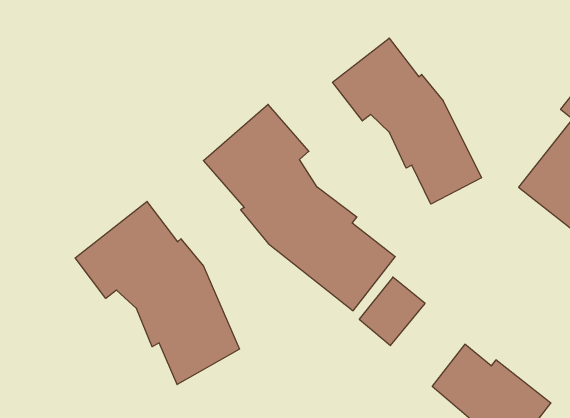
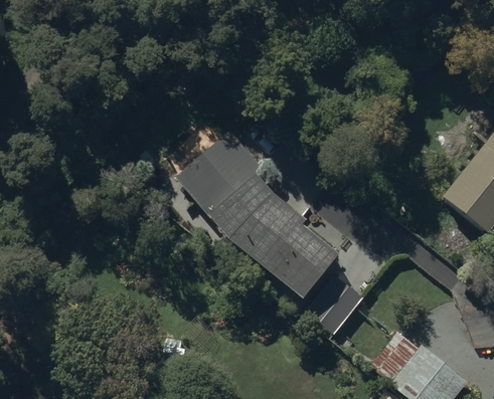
building: [333,38,481,204] -> none
building: [75,201,240,385] -> none

